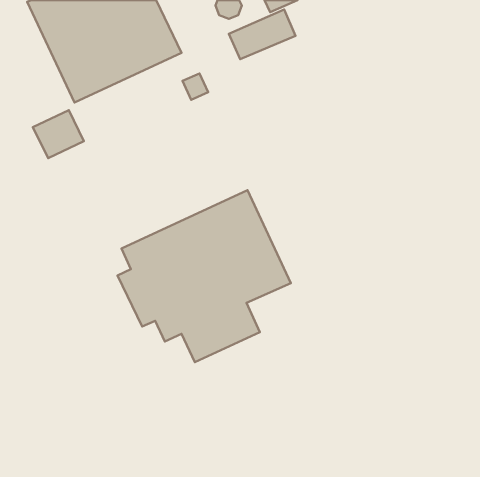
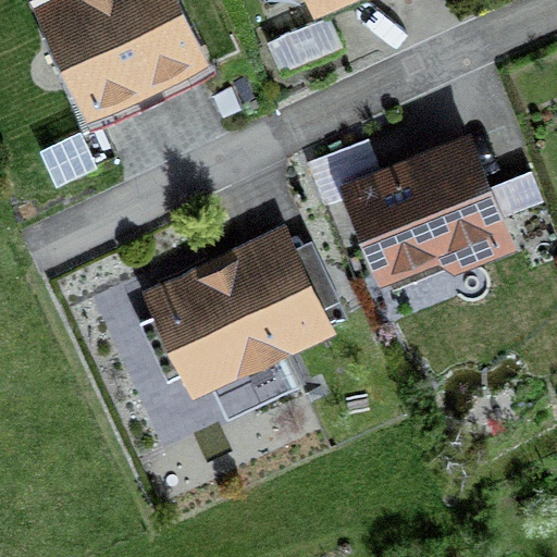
building: none -> [306,131,543,296]

